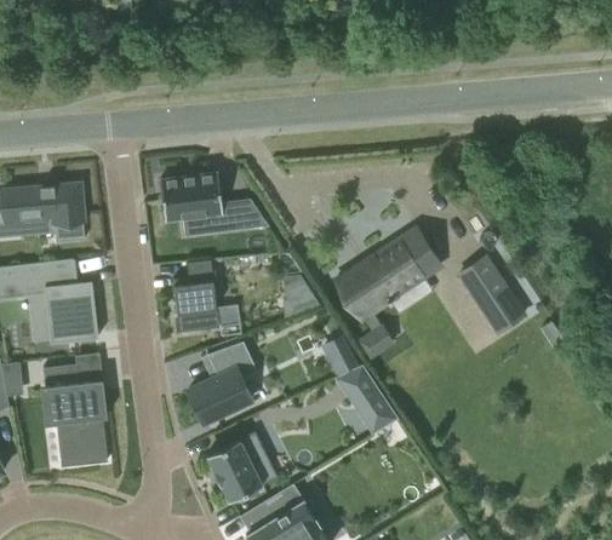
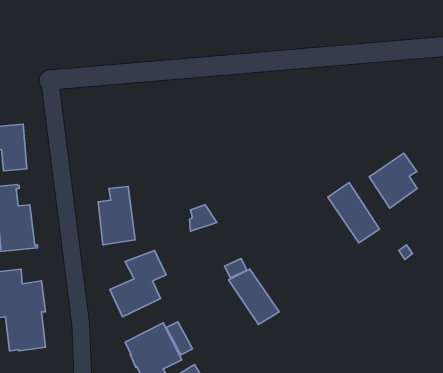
building: [159,172,265,231] -> none
building: none -> [369,153,417,208]
building: [334,230,439,358] -> none

